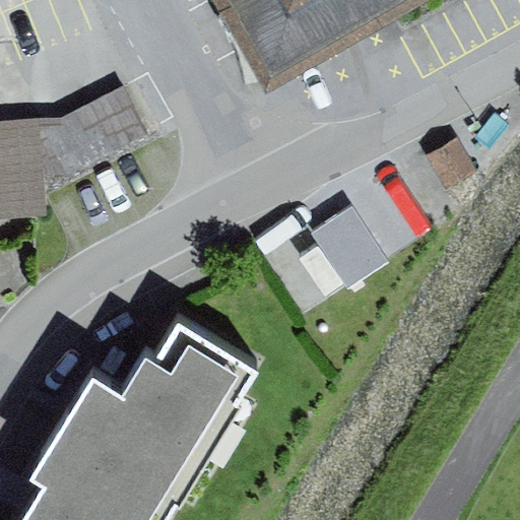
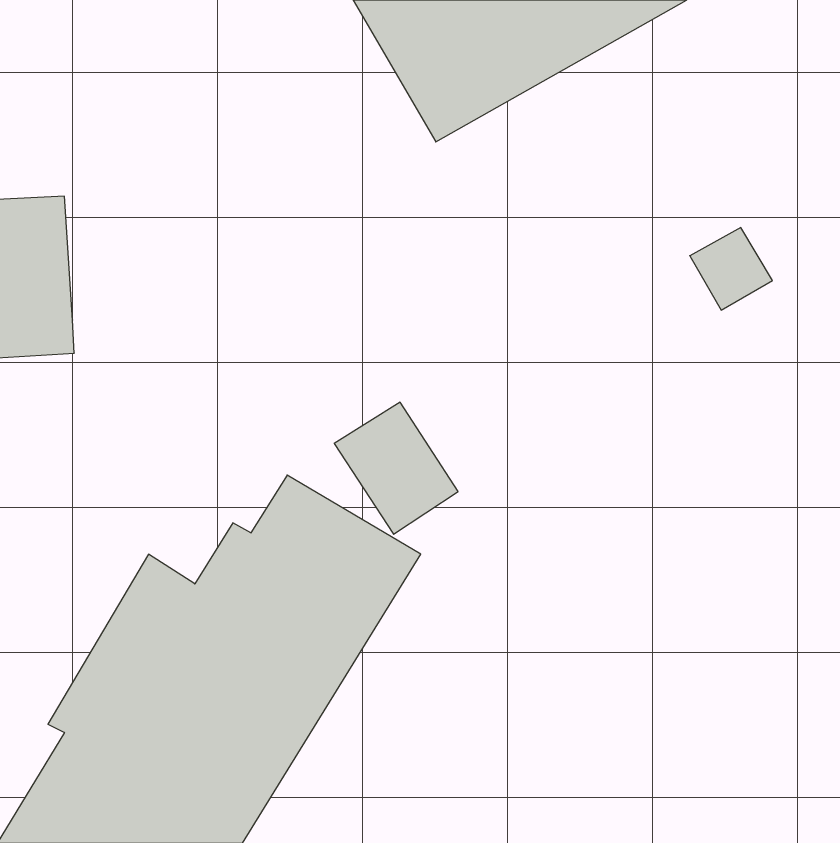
building: [40,88,153,197] -> none
building: [309,200,385,281] -> [334,402,458,534]

